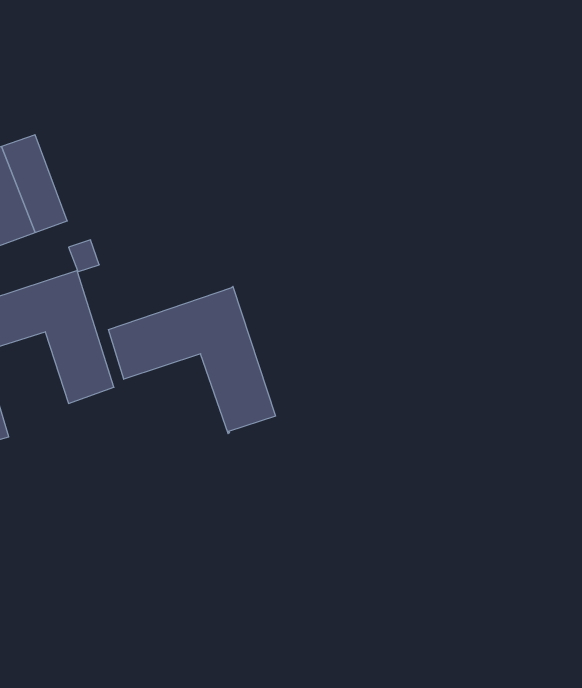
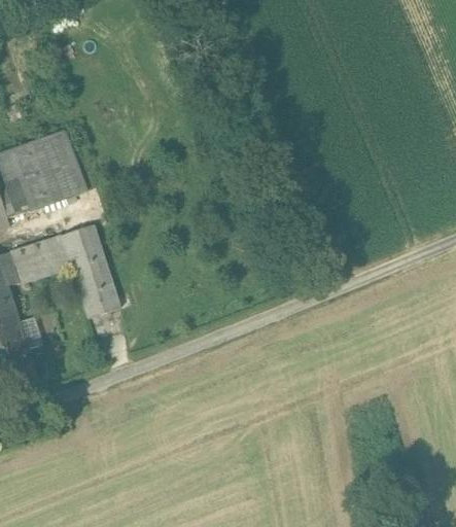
building: [109,286,276,434] -> none

